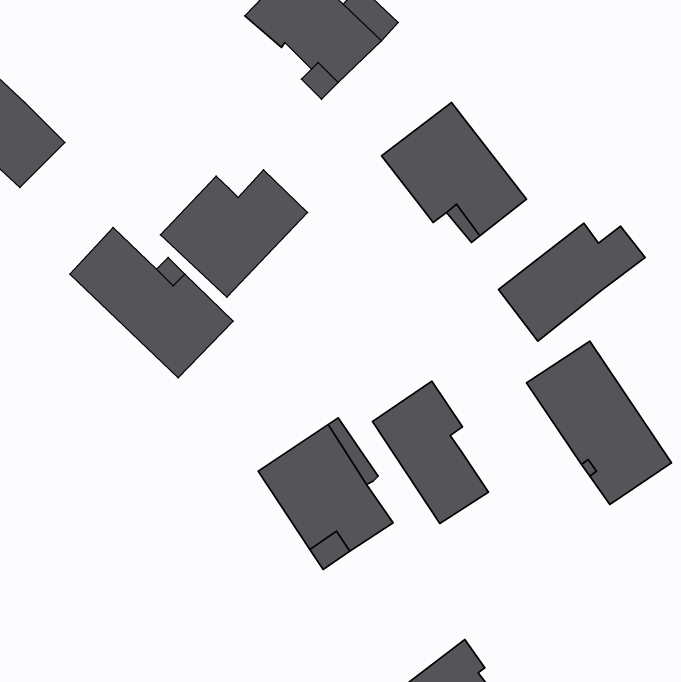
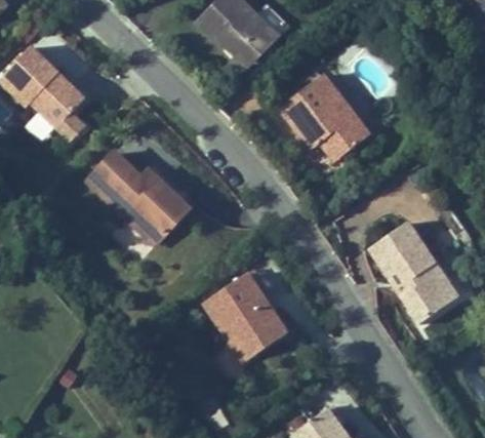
building: [160,170,308,297] -> none
building: [498,223,645,341] -> none
building: [372,381,489,524] -> none

